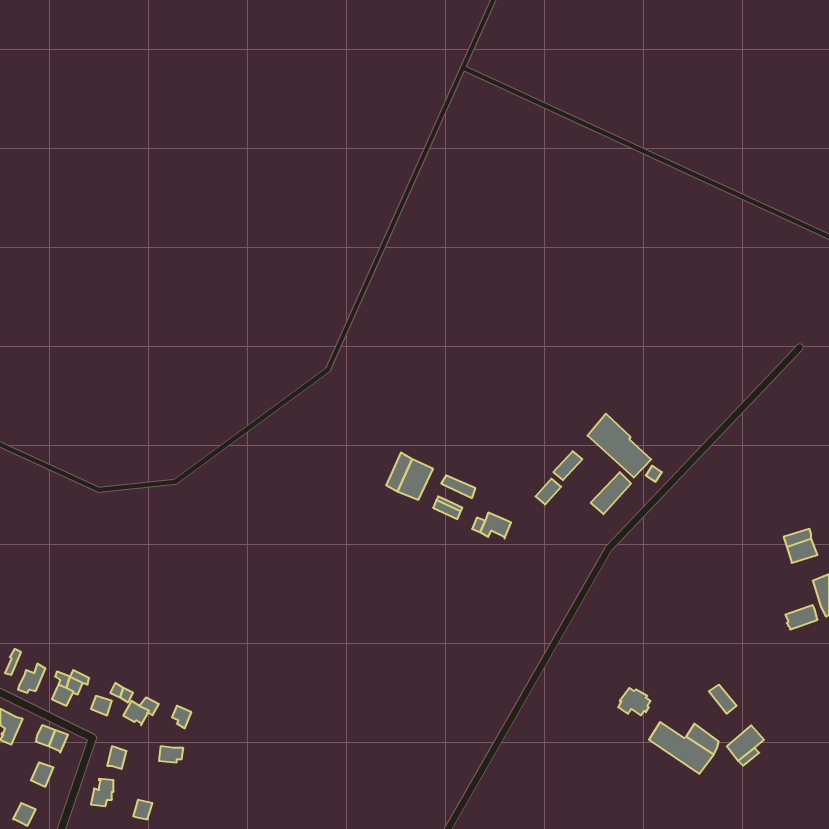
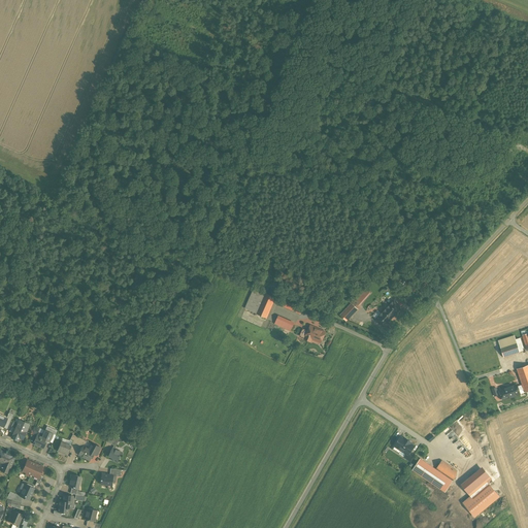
building: [587,414,651,478] -> none
building: none -> [463,483,499,517]

